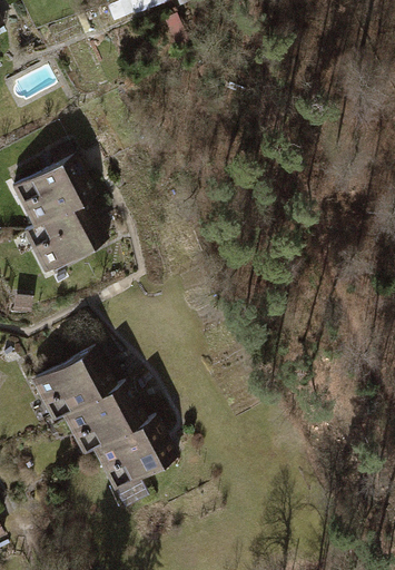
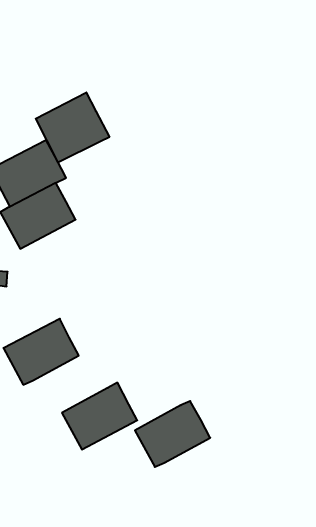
building: none -> [36,92,109,162]
building: [63,380,144,450] -> [135,401,210,467]

